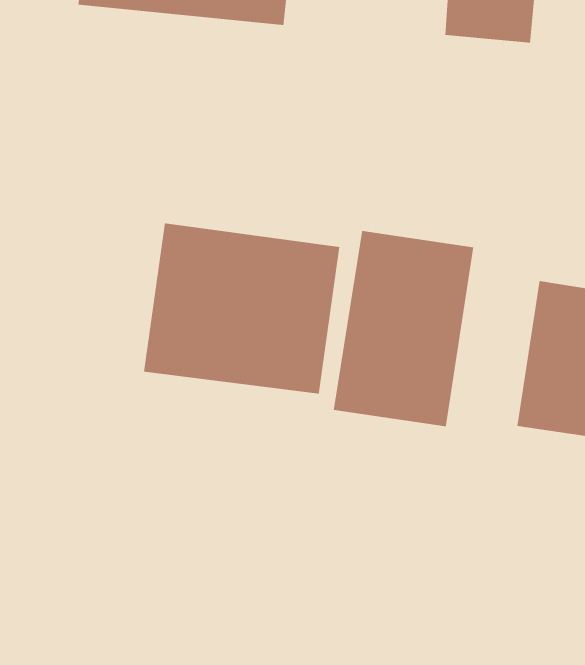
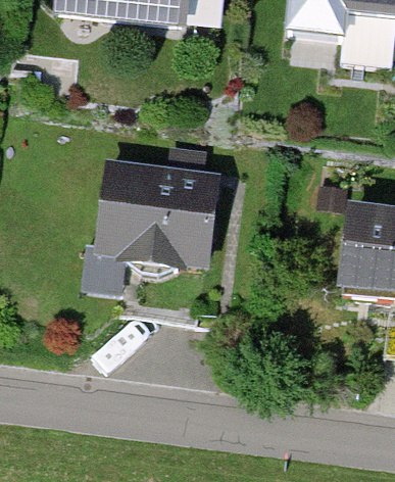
building: [333,230,474,427] -> none

